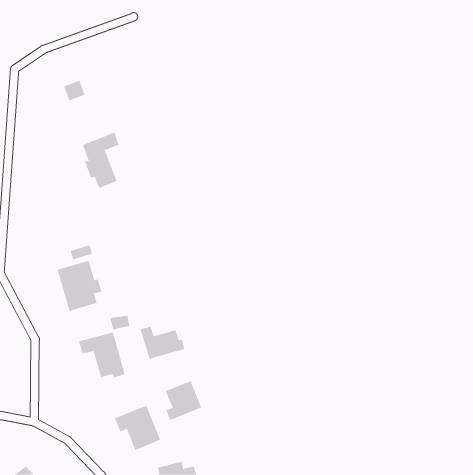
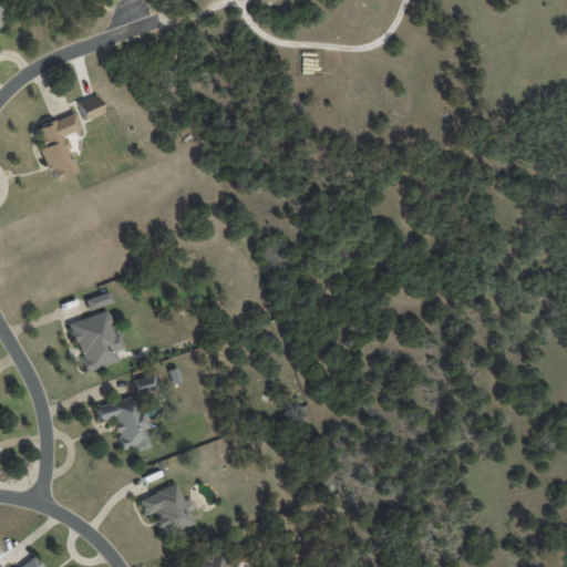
building: [82,132,119,188] -> [37,113,81,181]
building: [140,326,185,359] -> none
building: [165,381,202,421] -> none

